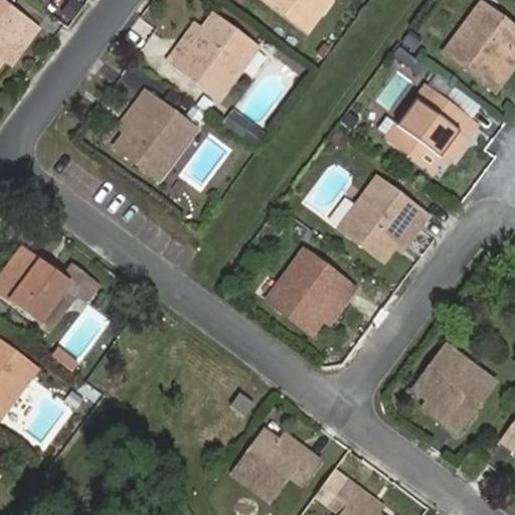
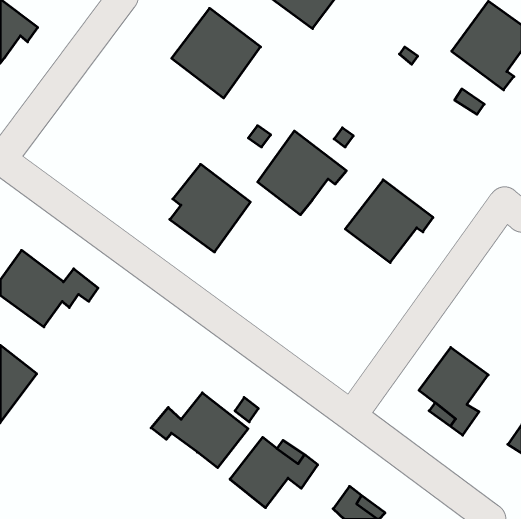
building: [389,85,484,173] -> none
building: [117,91,196,177] -> [170,164,250,252]
building: [269,248,356,331] -> [258,131,346,215]
building: none -> [151,393,248,468]

